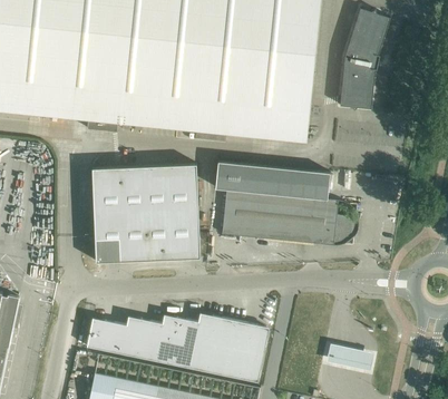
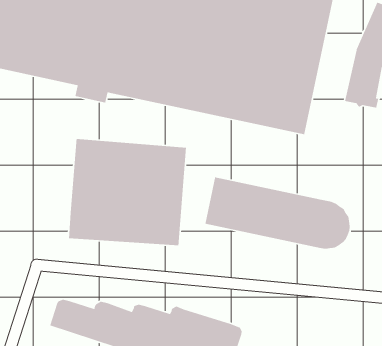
building: [216,160,330,198] -> none

